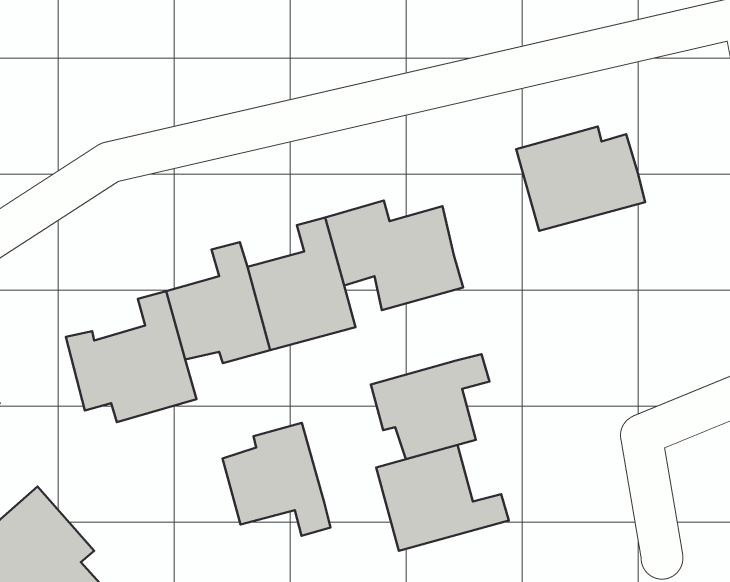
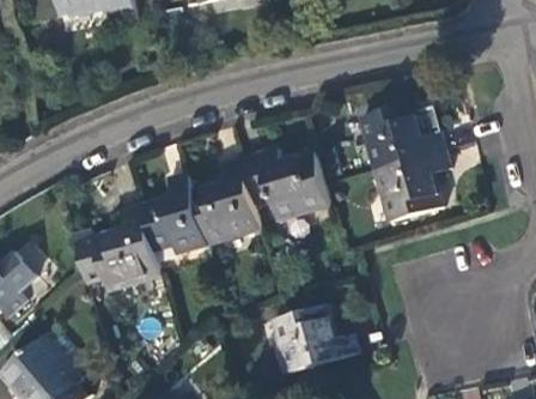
building: none -> [374,151,446,222]
building: [371,354,489,459] -> none
building: [222,423,330,536] -> none

